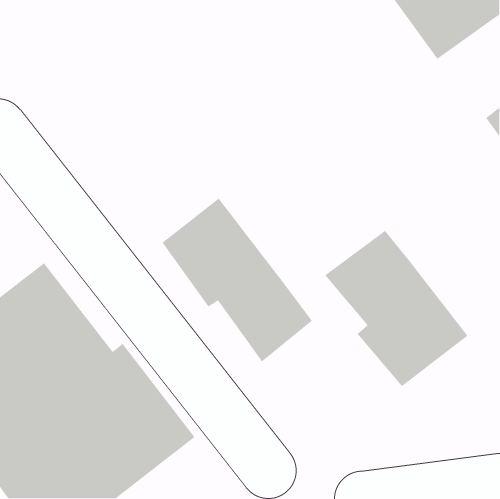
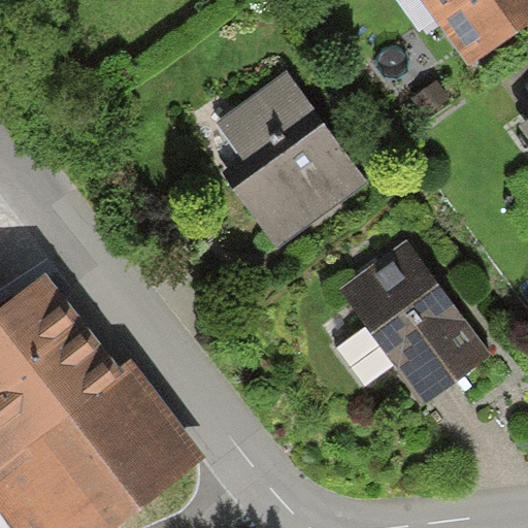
building: none -> [213,70,370,252]
building: [161,198,313,362] -> none

